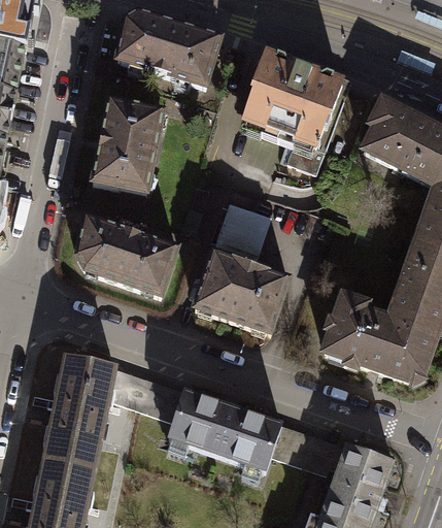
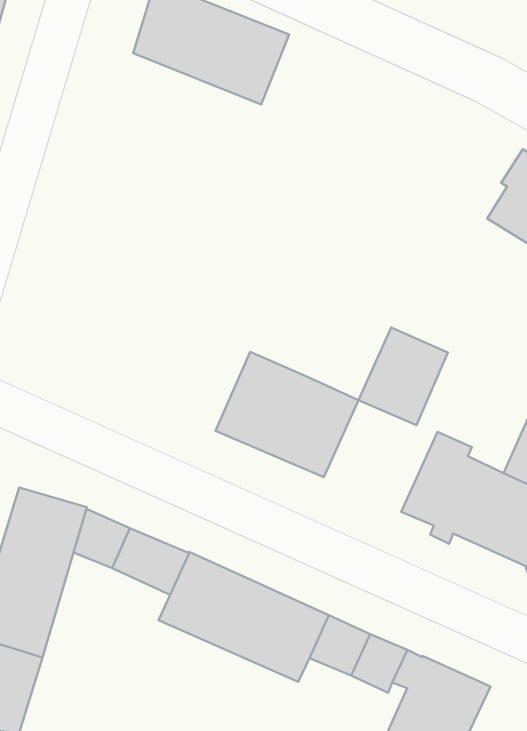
building: [242,53,341,171] -> none
building: [92,99,163,192] -> none
building: [212,201,269,265] -> [359,327,448,425]
building: [76,217,176,294] -> none

